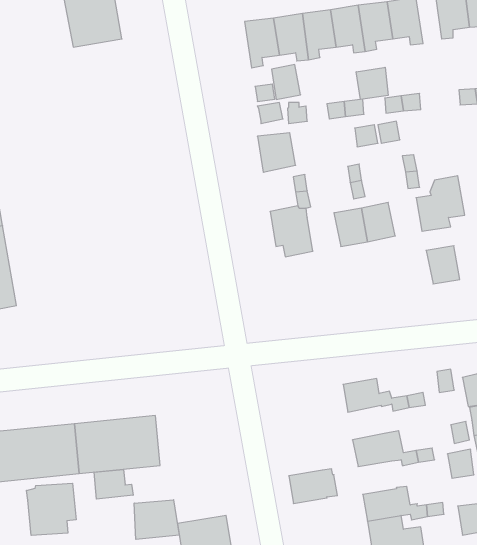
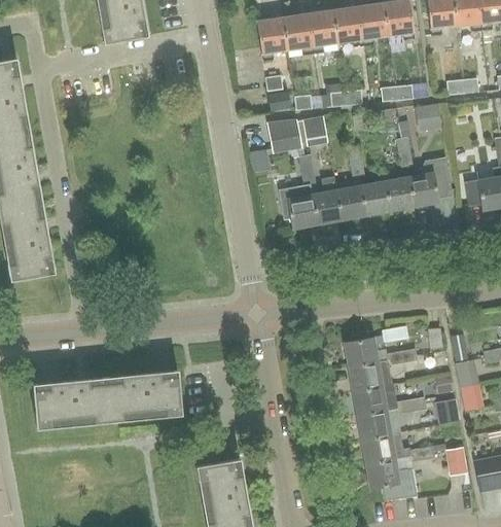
building: [272,65,301,99] -> [302,116,328,147]
building: [356,67,388,99] -> none
building: none -> [415,105,440,133]
building: none -> [312,177,342,224]
building: [426,246,460,284] -> [384,177,414,211]
building: none -> [348,361,382,392]
building: [289,469,337,504] -> [357,410,400,441]
building: [94,469,133,499] -> none
building: [26,483,76,535] -> none
building: [134,500,179,539] -> none

